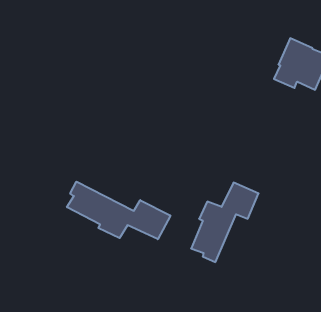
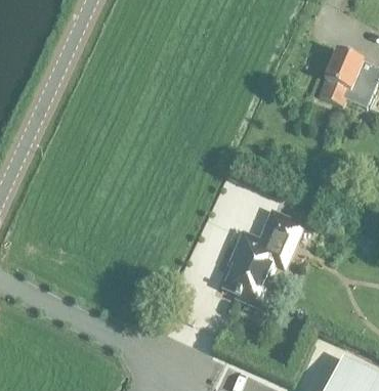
building: [67,182,170,239] -> none

